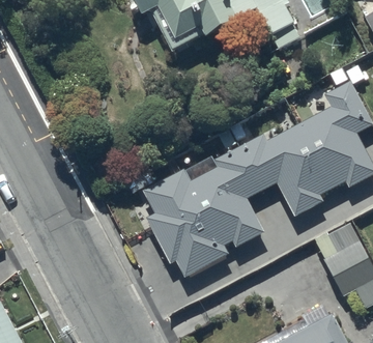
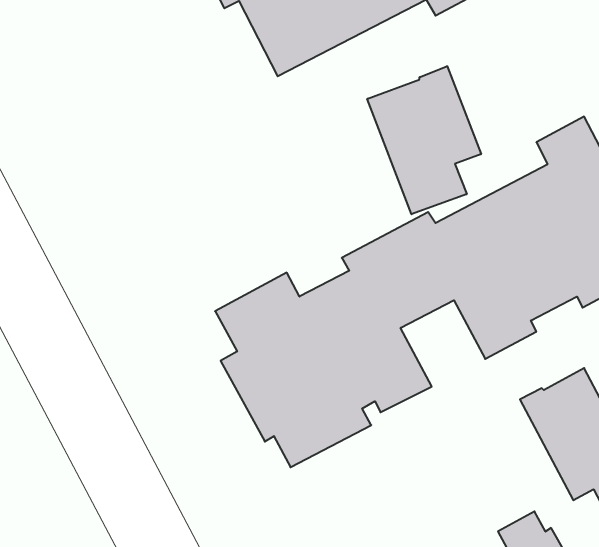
building: none -> [367,66,481,214]

